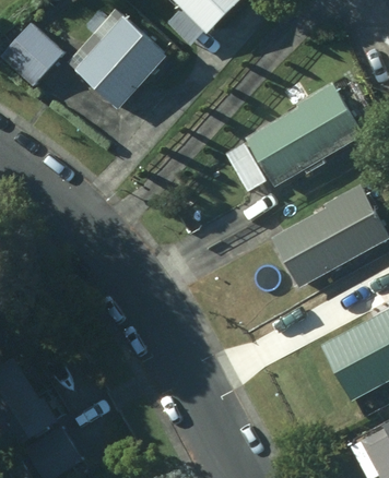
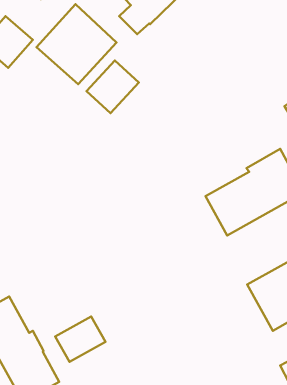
building: none -> [86,60,139,113]
building: [226,82,363,193] -> none
building: none -> [55,316,105,362]

